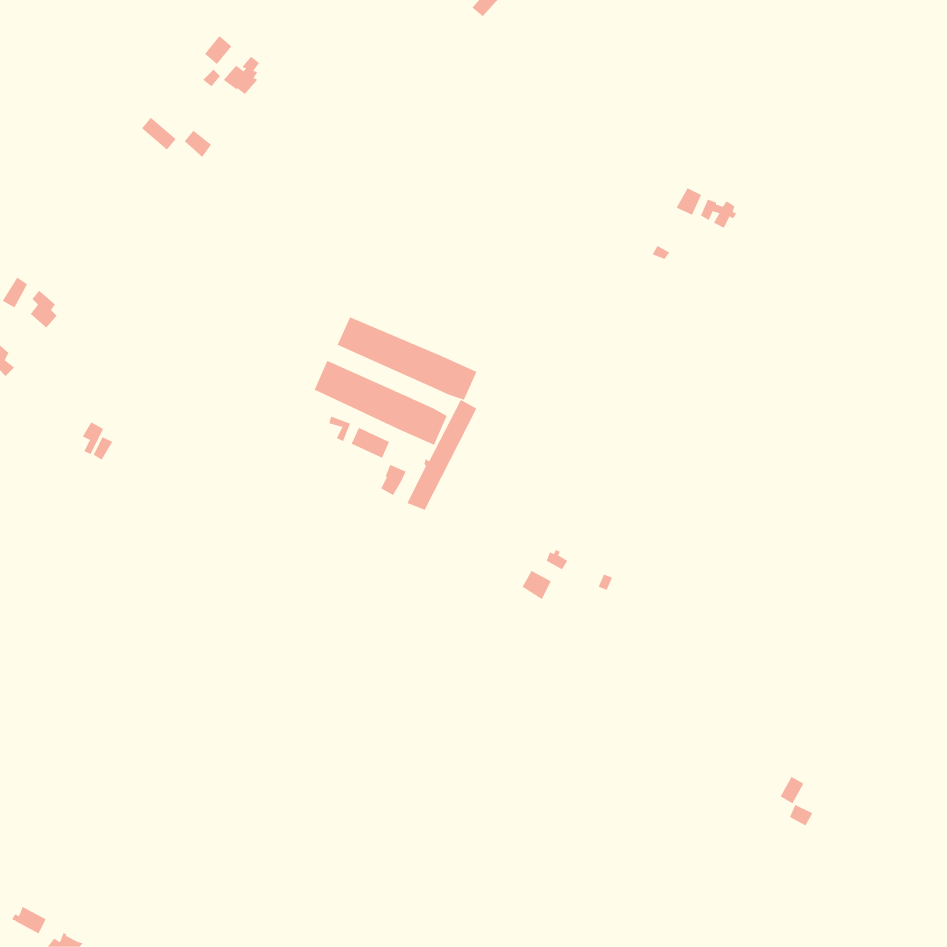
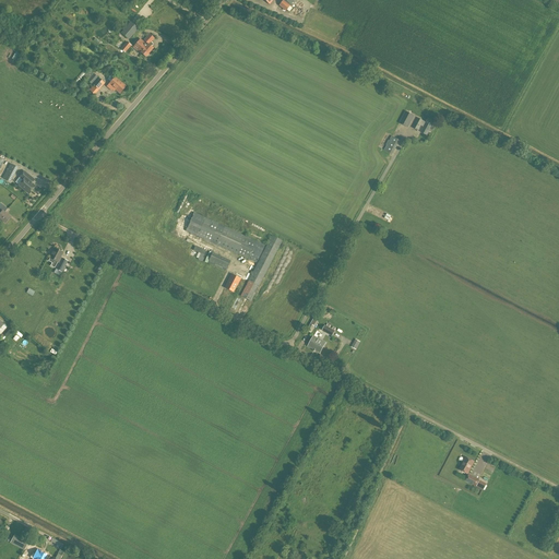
building: [337,316,477,400] -> none

